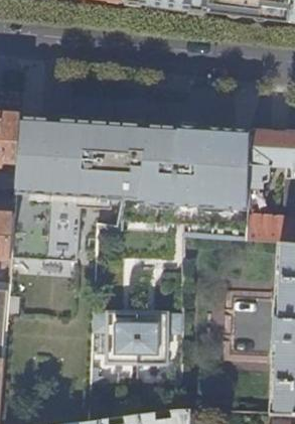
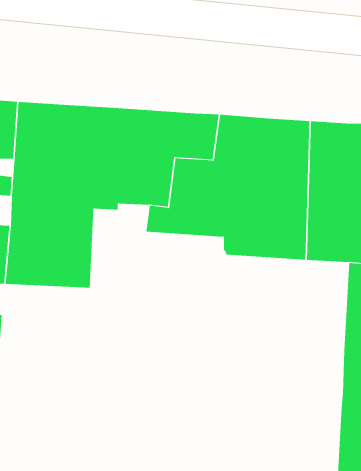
building: [93,311,182,365] -> none

